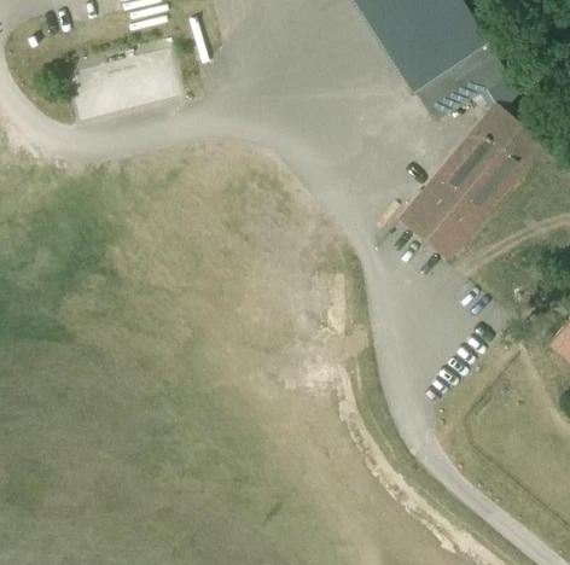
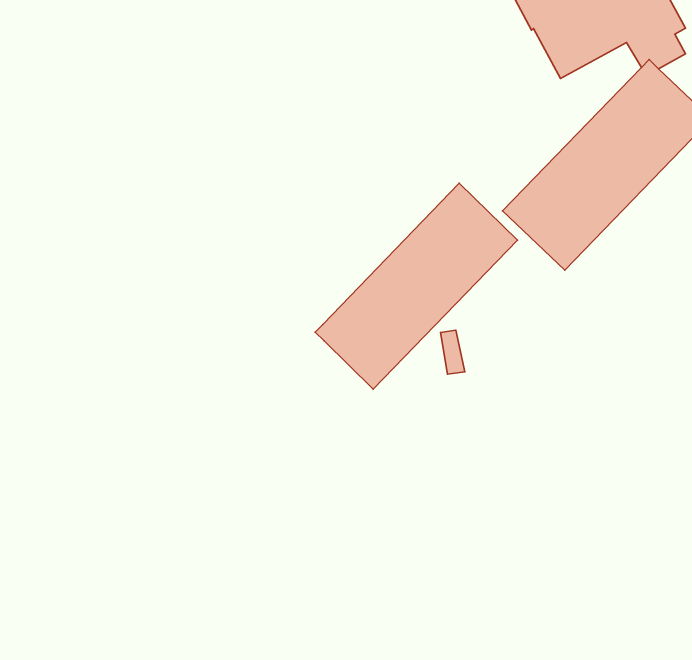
building: none -> [315,183,517,389]

